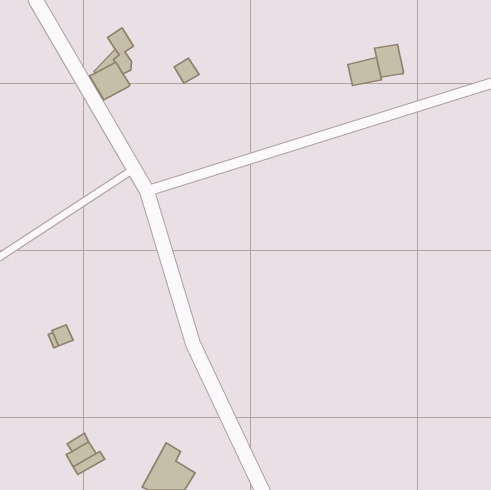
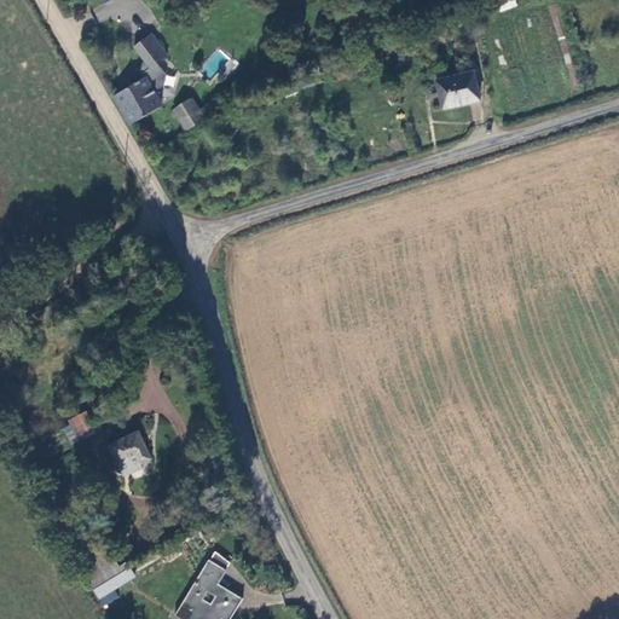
building: [374,44,404,77] -> none
building: [174,58,199,83] -> [173,100,204,132]
building: none -> [104,430,147,474]

